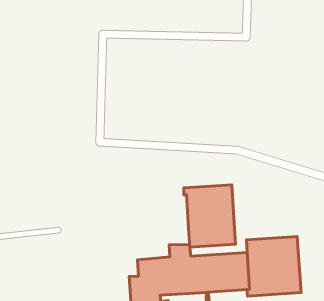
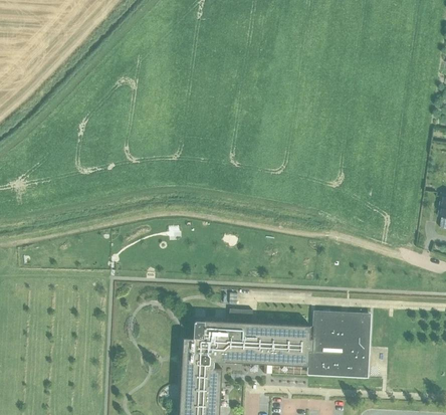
building: [184,185,236,247] -> none

